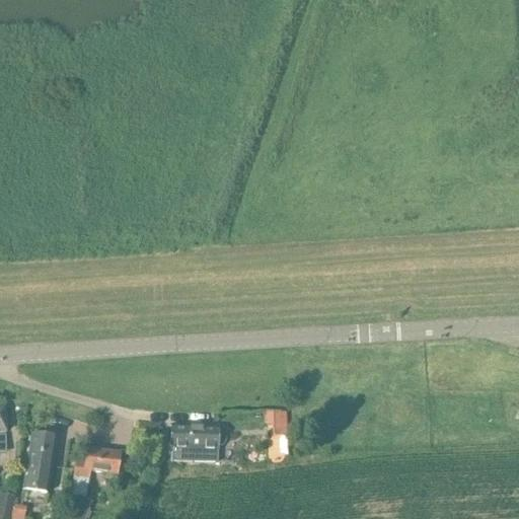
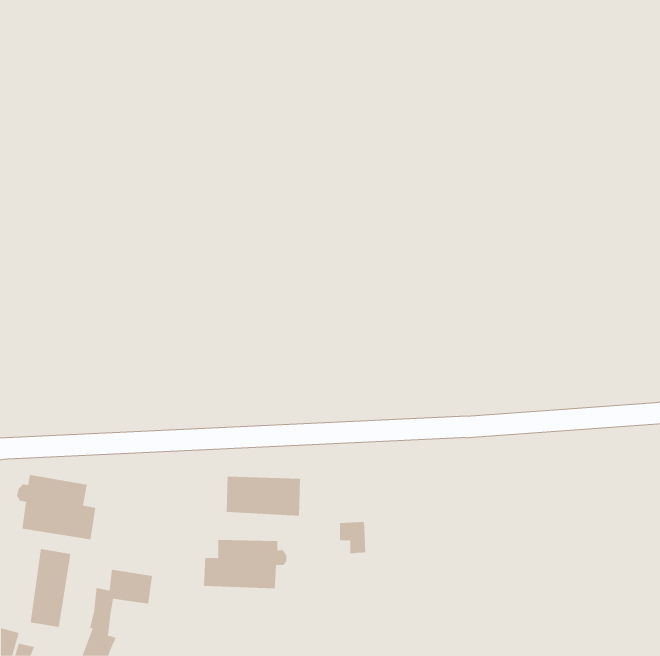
building: none -> [17,474,96,540]
building: none -> [226,476,300,517]

